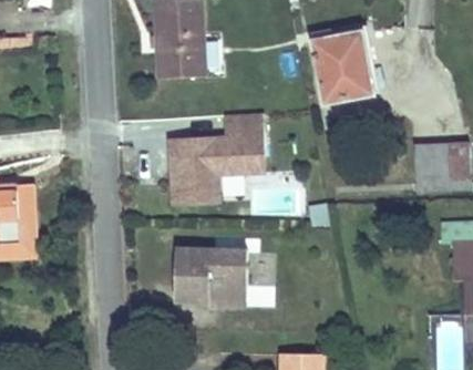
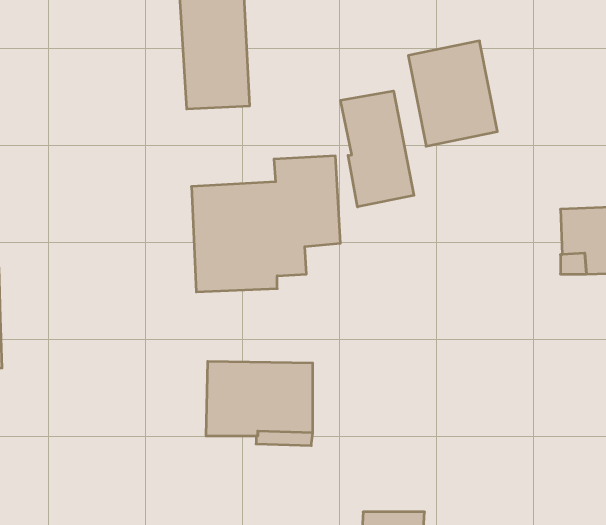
building: none -> [341,91,414,207]

